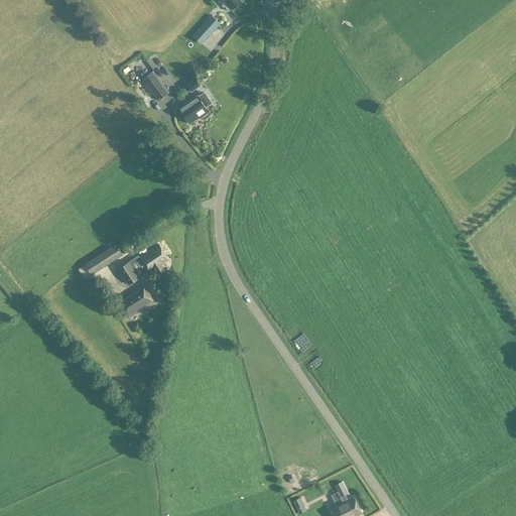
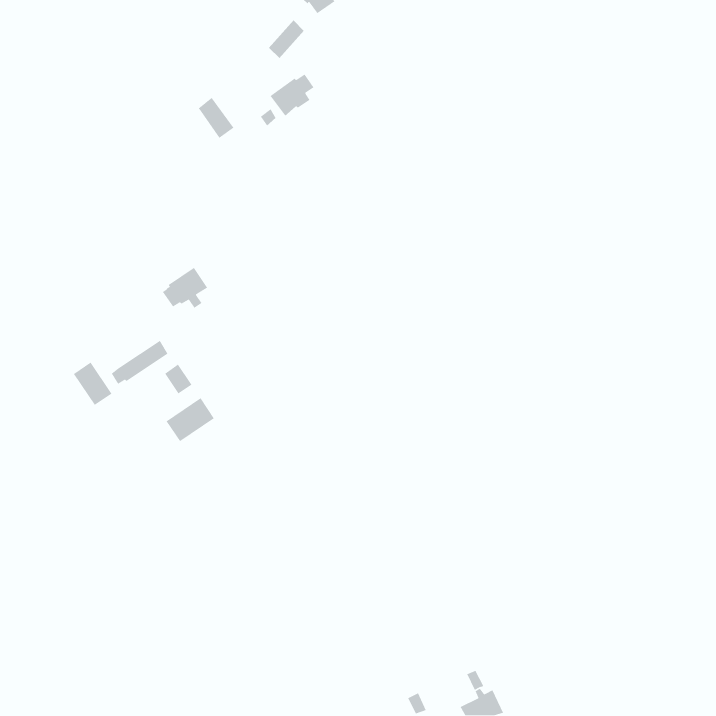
building: [178,92,211,123] -> [270,73,315,117]
building: [135,243,168,273] -> [162,267,208,309]
building: none -> [73,361,112,406]

